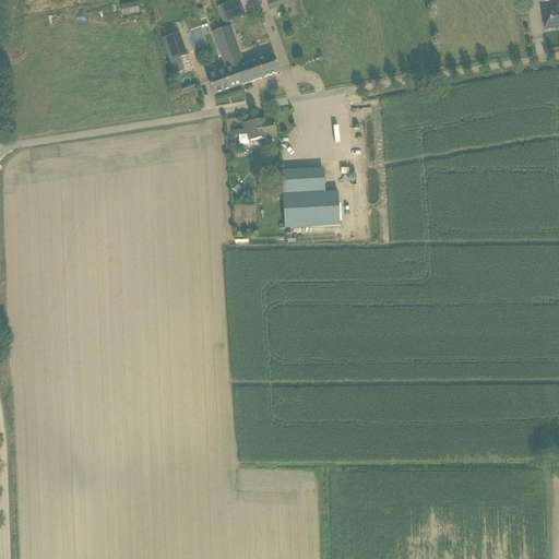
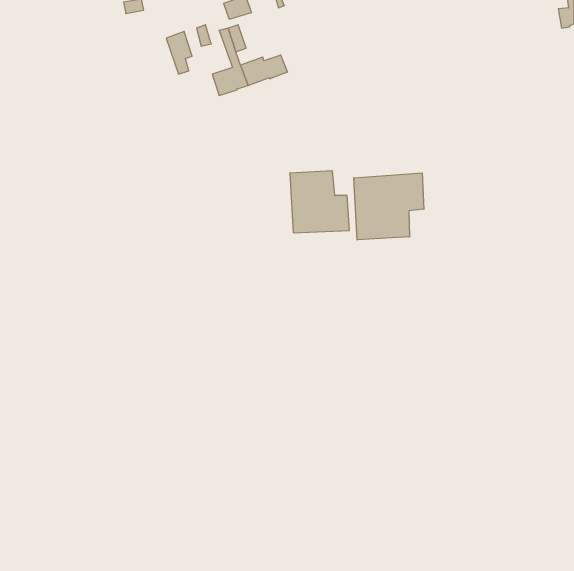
building: [243,118,276,139] -> none
building: none -> [354,173,424,240]

